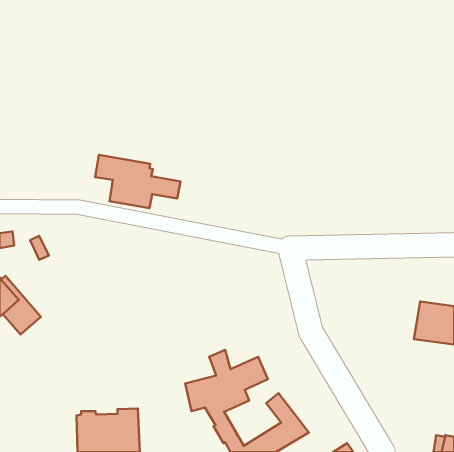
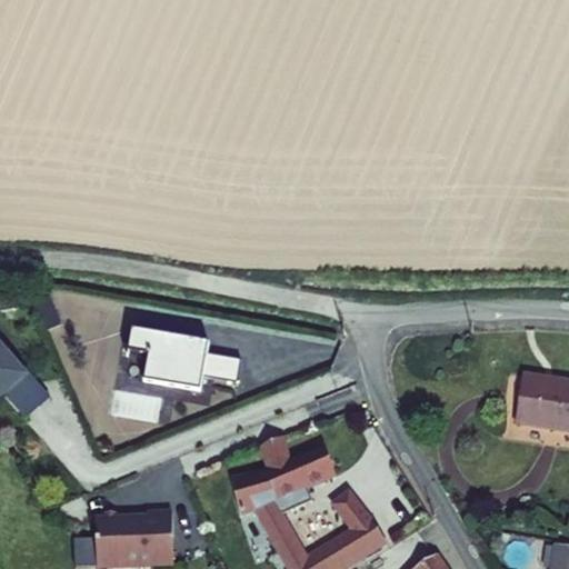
building: [95,155,181,208] -> [128,323,234,390]

